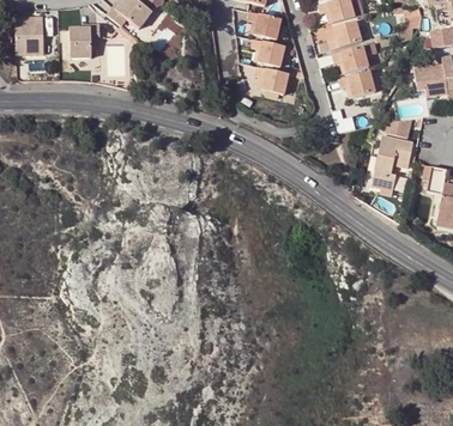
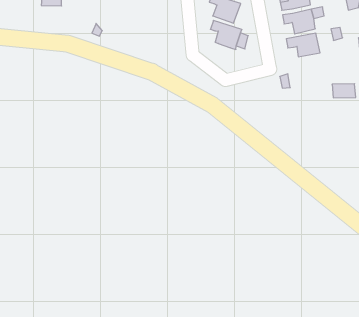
building: [369,139,412,194] -> none

